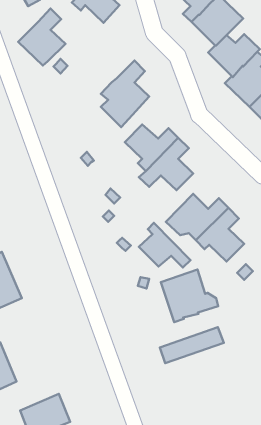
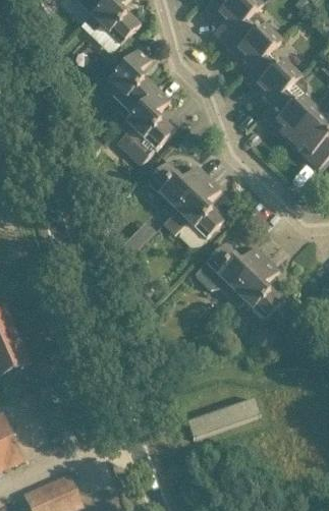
building: [18,9,66,66] -> [102,46,157,112]
building: [139,223,190,268] -> none
building: [161,269,218,322] -> none

